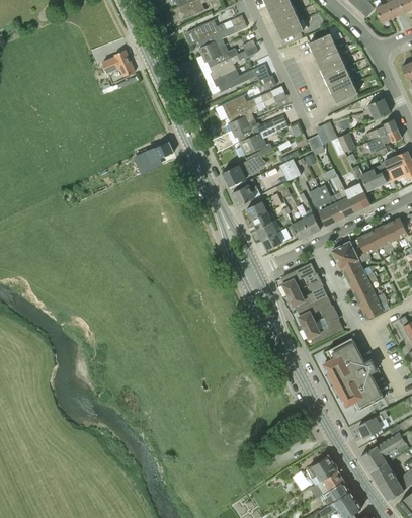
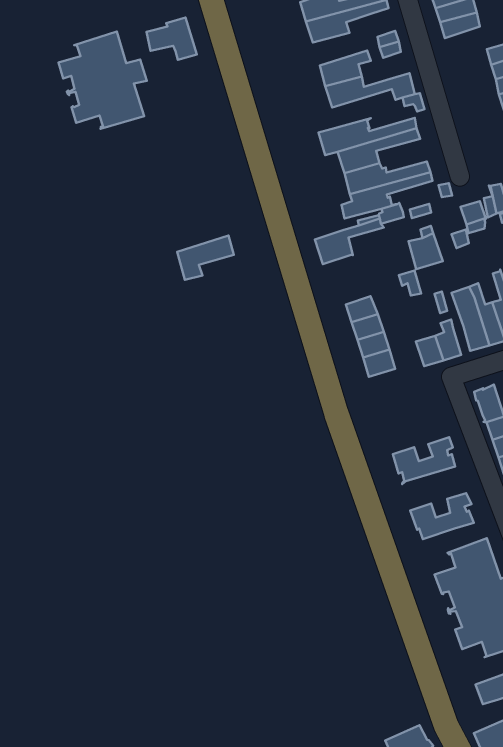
building: [203,45,237,67] -> none
building: none -> [59,32,147,129]
building: [139,141,173,171] -> [177,236,234,280]
building: [232,178,257,205] -> none
building: [281,263,320,294] -> none
building: [298,296,335,327] -> none

